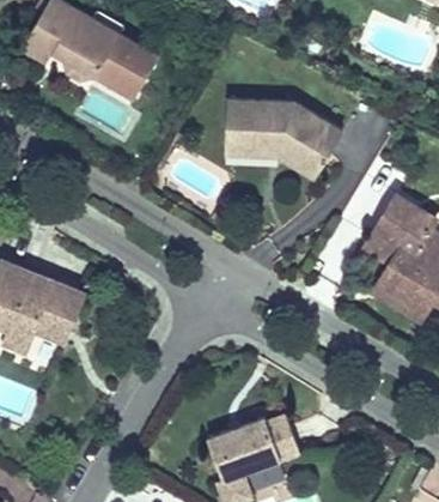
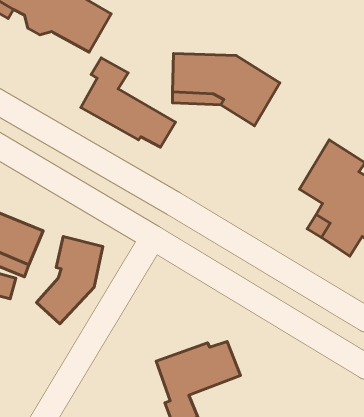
building: none -> [81,58,176,147]
building: none -> [36,237,103,324]

